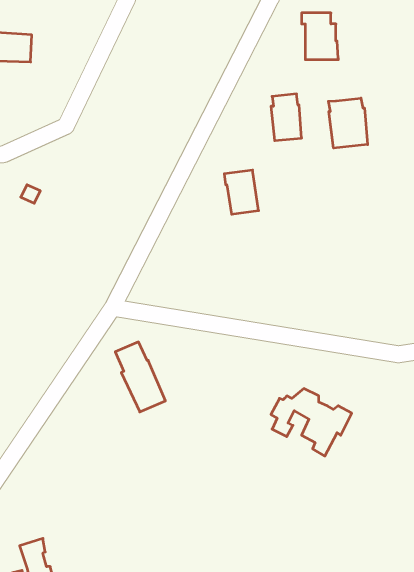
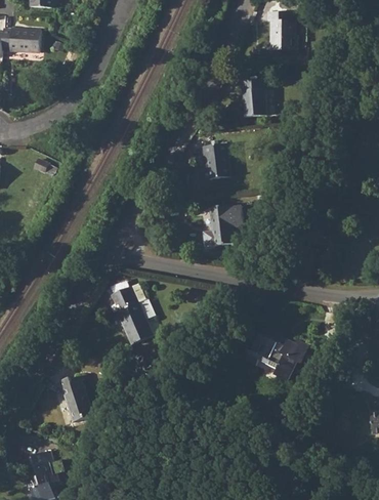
building: [328,98,368,148] -> none
building: none -> [203,205,245,246]
building: none -> [58,377,93,422]

